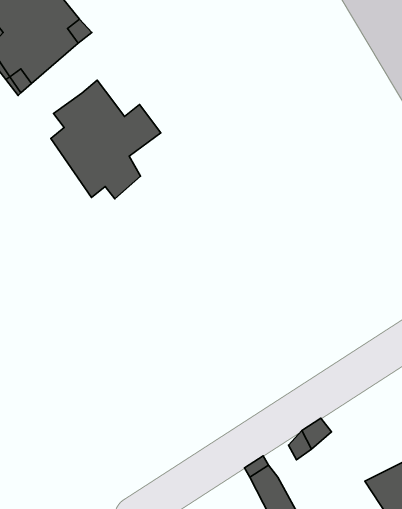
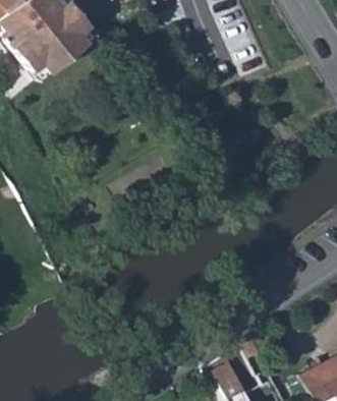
building: [51,80,161,199] -> none

